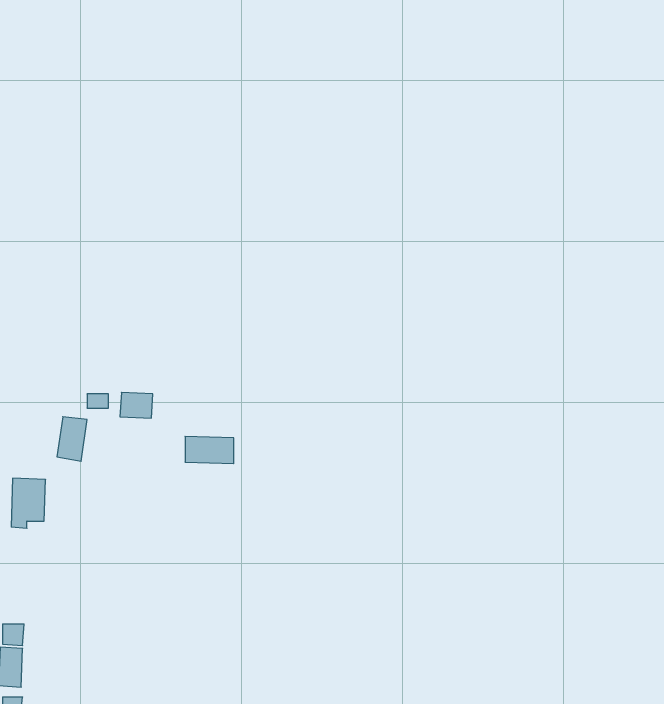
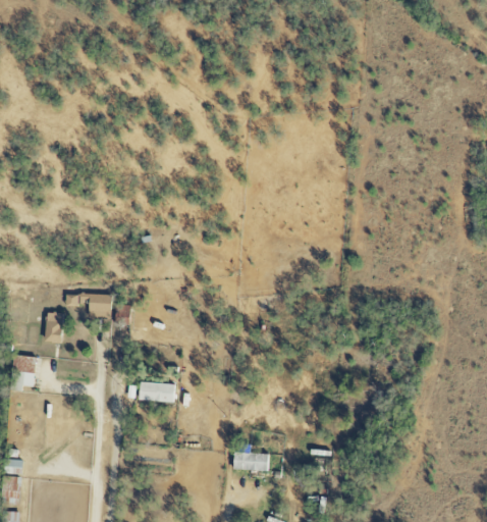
building: [185,436,234,464] -> [140,381,174,401]
building: none -> [233,452,268,470]

